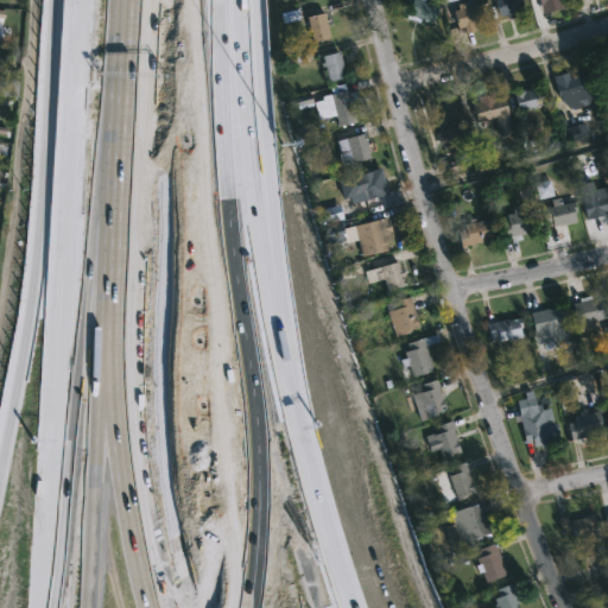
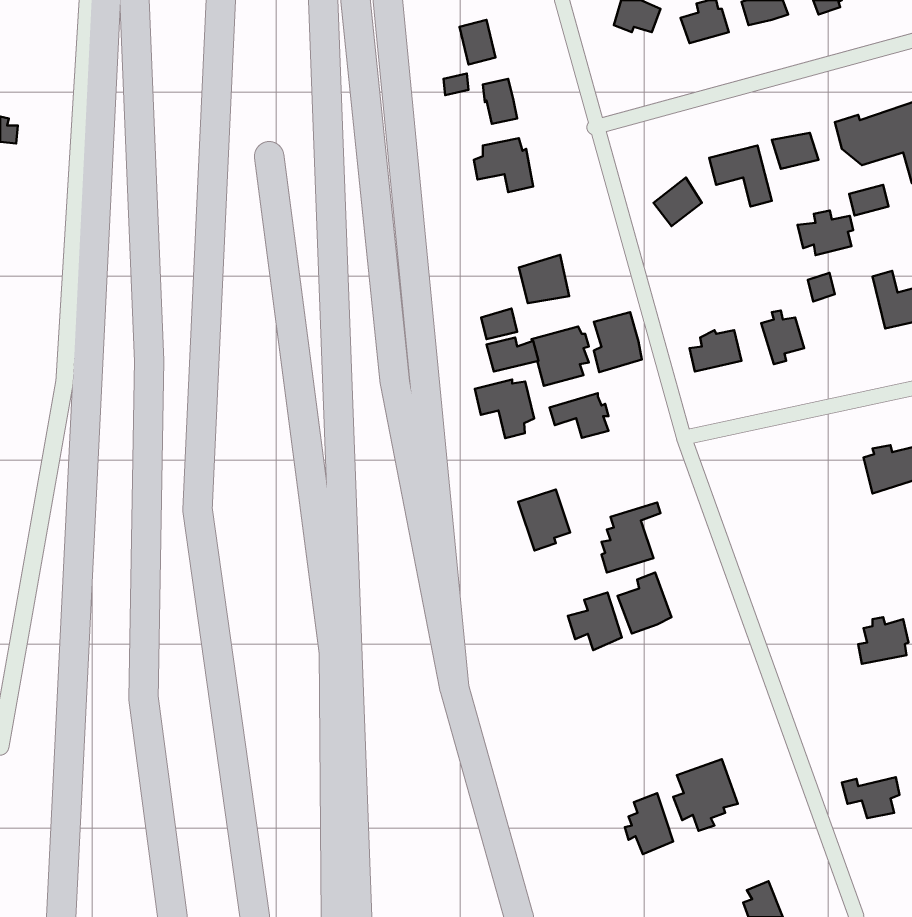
building: [321,132,372,164] -> none
building: [543,197,580,227] -> [798,210,853,255]
building: none -> [594,312,642,372]
building: none -> [475,379,534,438]
building: [387,296,422,336] -> [518,489,570,550]
building: [531,306,569,348] -> none
building: [488,316,527,343] -> none
building: [518,390,560,449] -> none
building: [428,420,463,458] -> [568,593,622,650]
building: [450,461,477,499] -> none
building: [475,543,507,583] -> [625,793,673,854]

